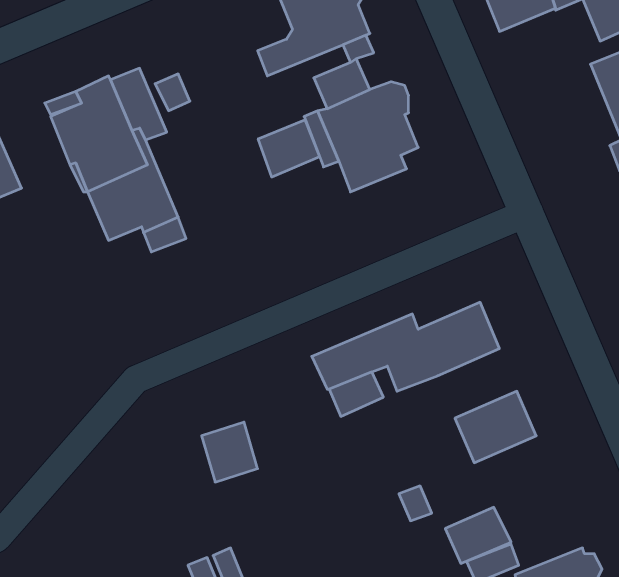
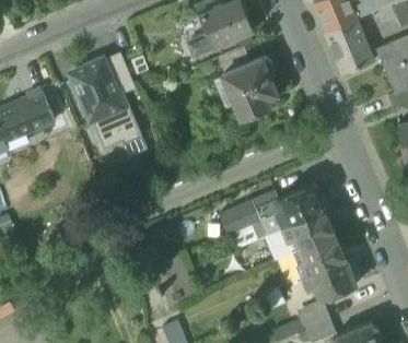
building: none -> [324,19,372,74]
building: [258,120,320,177] -> none
building: none -> [289,211,334,250]
building: none -> [310,260,355,300]

